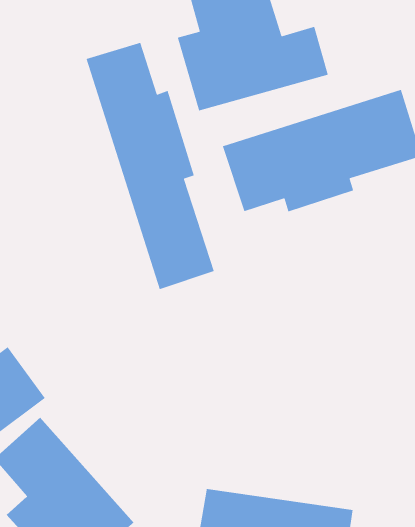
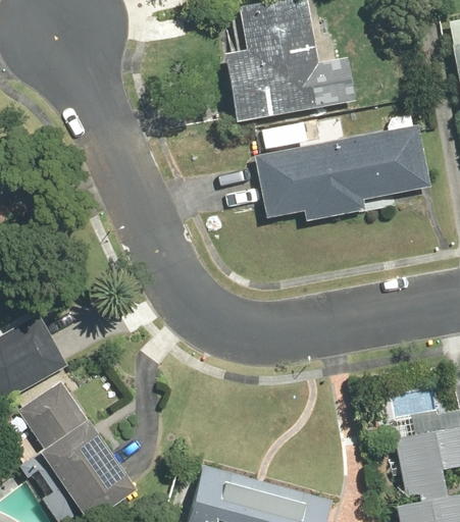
building: [86,42,215,290] -> none

